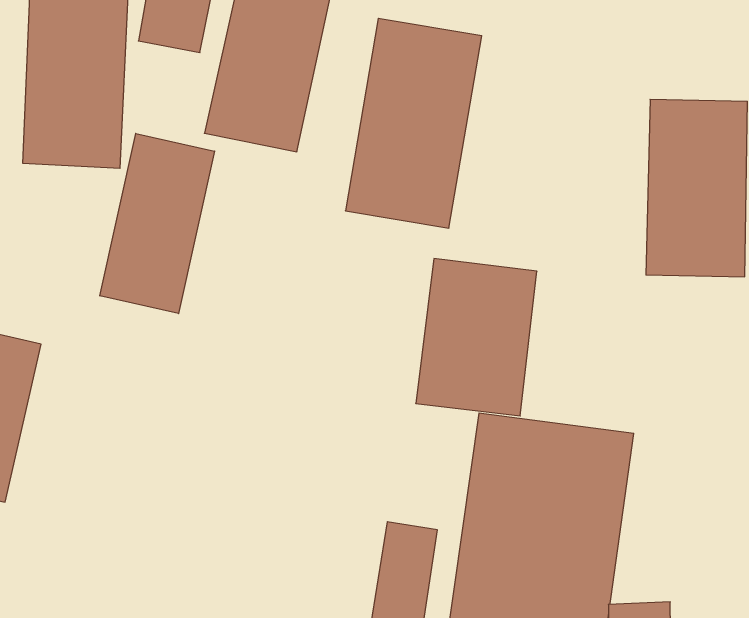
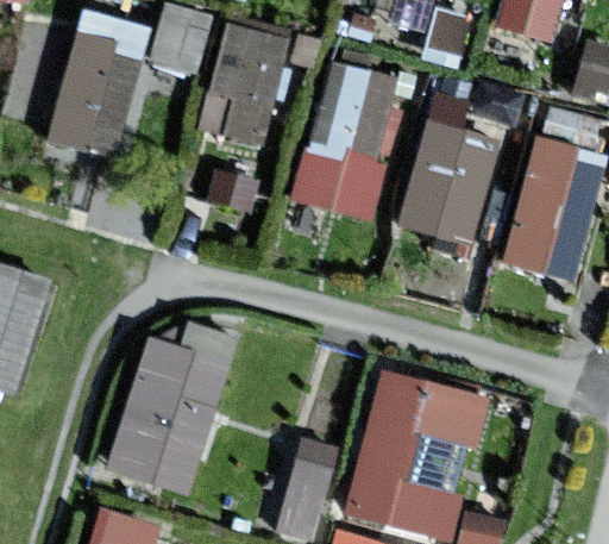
building: [100,133,215,314] -> none
building: [416,259,537,416] -> [398,123,498,246]
building: none -> [114,323,231,492]

